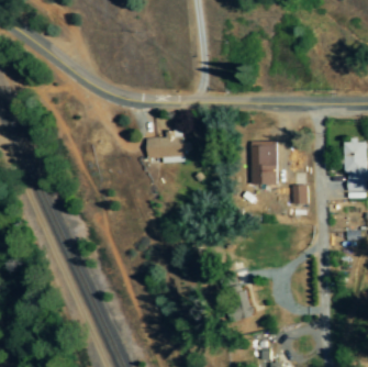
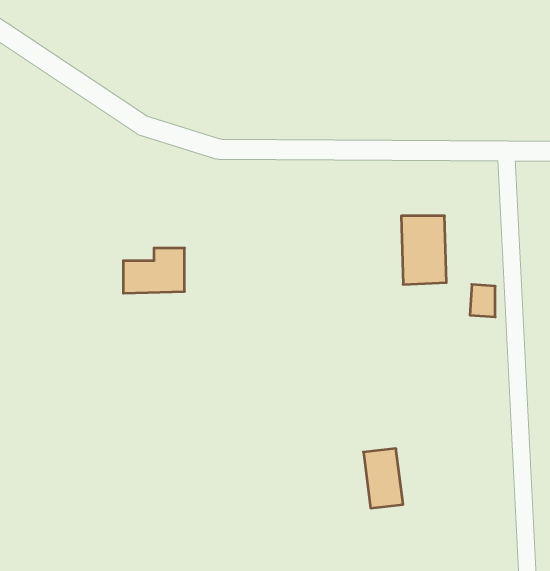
building: [147,131,185,158] -> [123,248,185,293]

